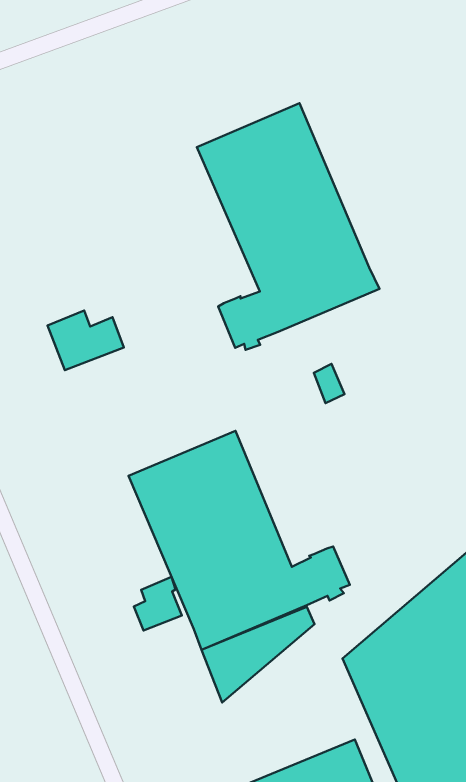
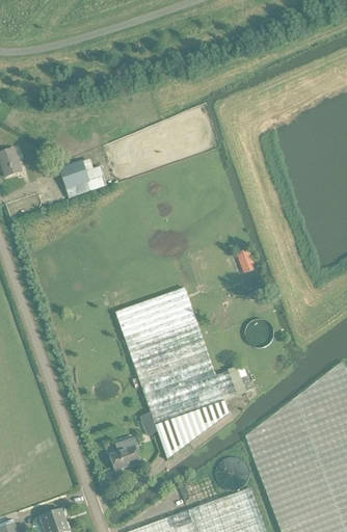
building: [197,103,379,350] -> none
building: [48,310,124,370] -> [59,161,107,198]
building: [134,577,182,631] -> [110,437,140,471]

